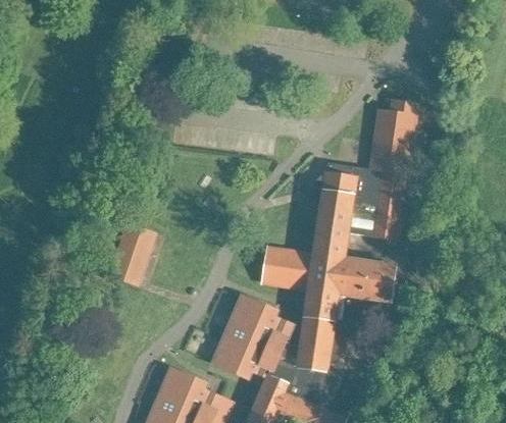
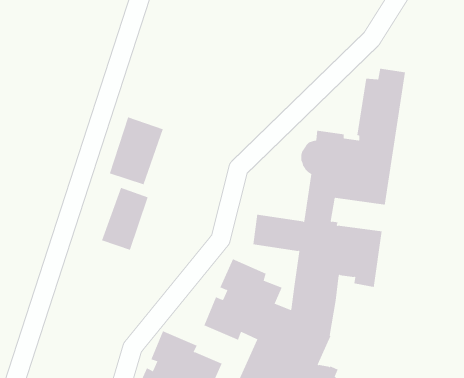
building: none -> [109,117,164,185]

